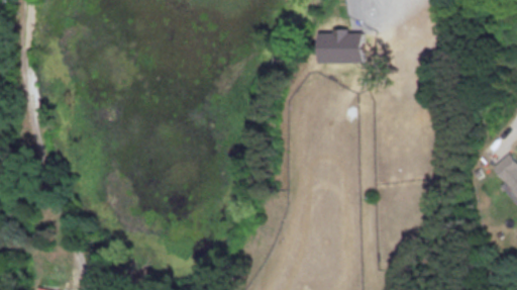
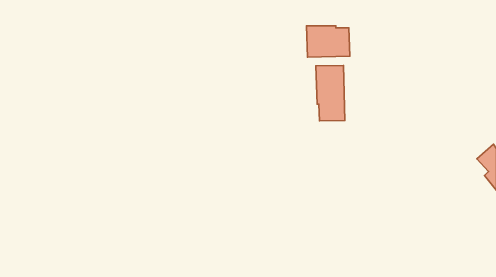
building: none -> [316,66,345,121]

